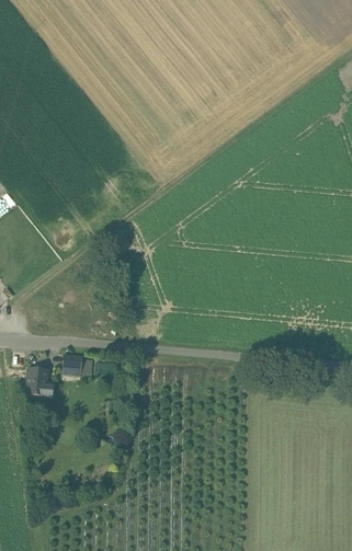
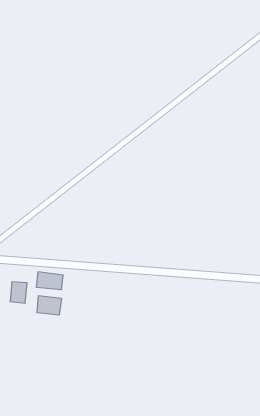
building: none -> [37,296,61,315]

